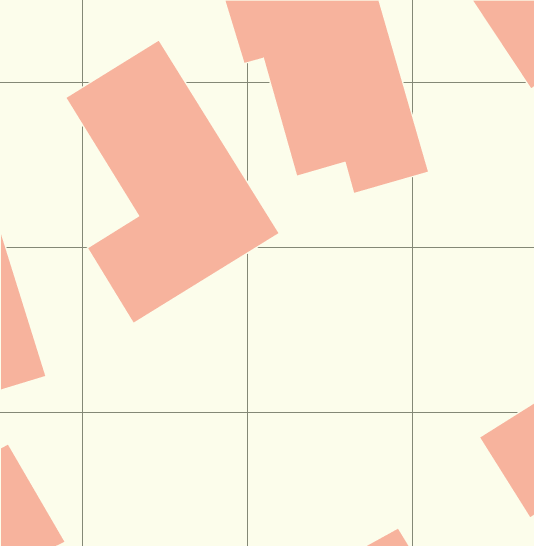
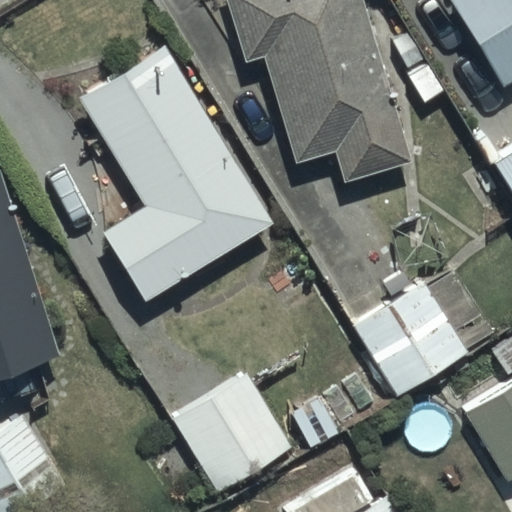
building: none -> [356,281,467,396]
building: none -> [172,365,296,496]

